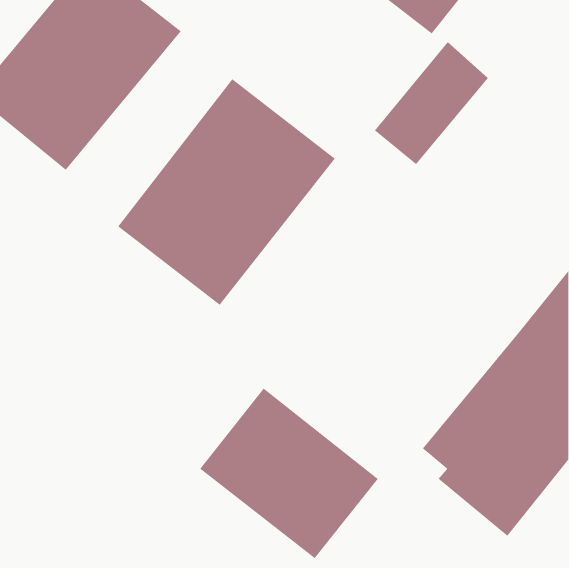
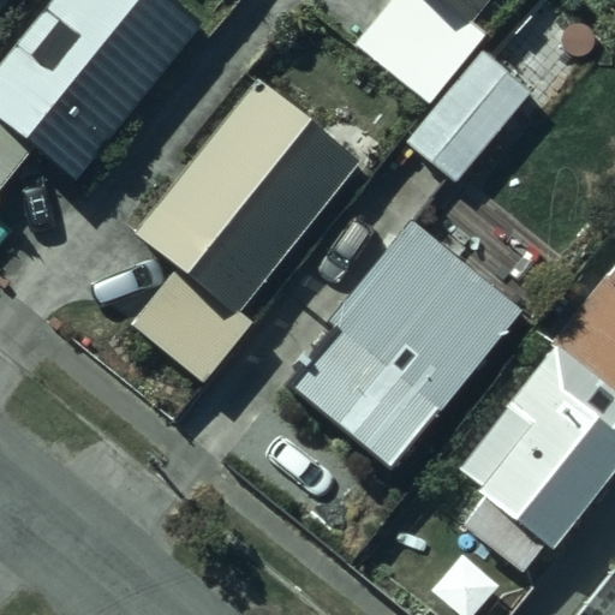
building: none -> [282,214,521,466]
building: [199,387,379,559] -> none

